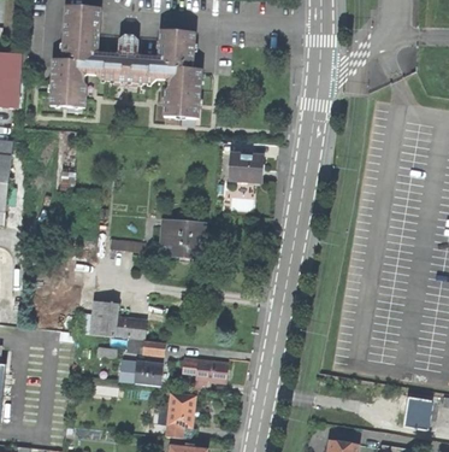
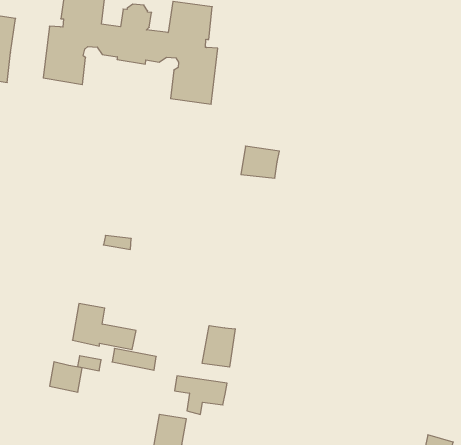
building: [160,221,203,257] -> none
building: none -> [202,326,235,367]
building: [135,362,163,387] -> [50,362,82,392]

